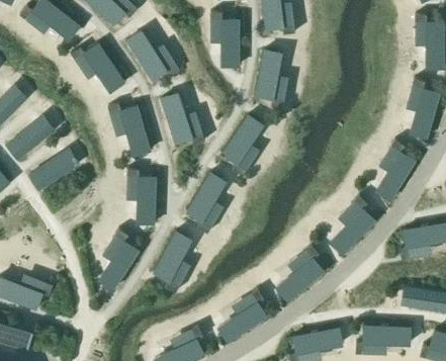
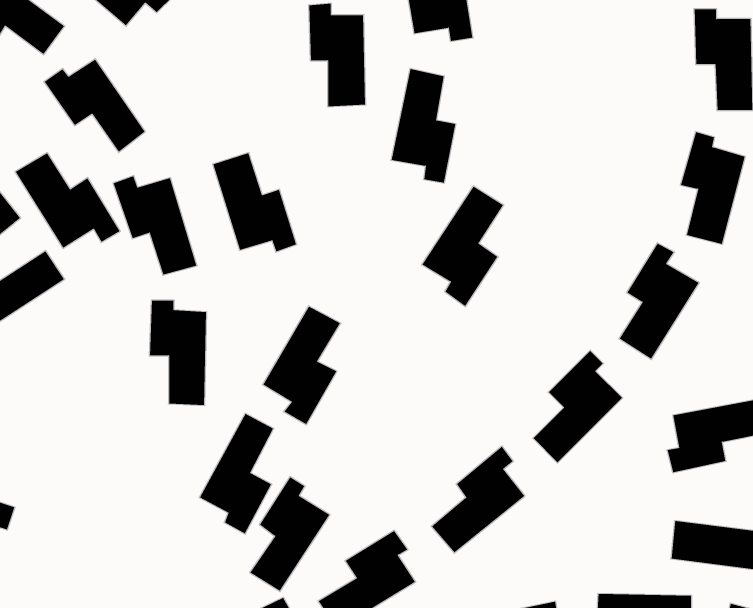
building: [125,30,181,81] -> [15,153,120,248]
building: [220,116,264,180] -> [422,186,504,307]
building: [98,231,141,291] -> [250,477,330,592]

